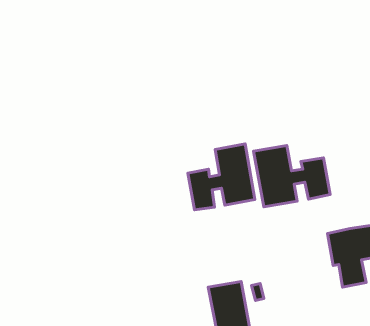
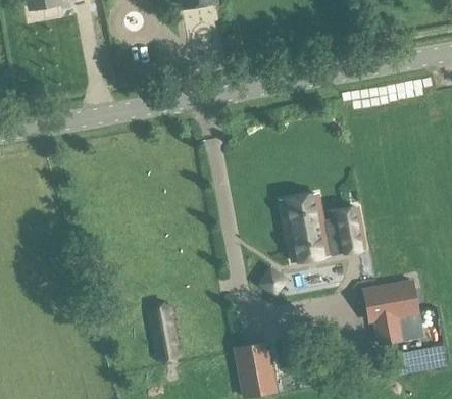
building: [188,144,255,210] -> none
building: none -> [149,307,180,357]

